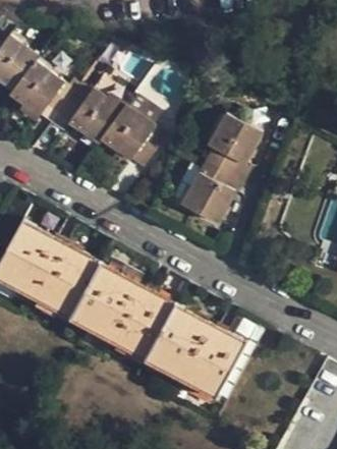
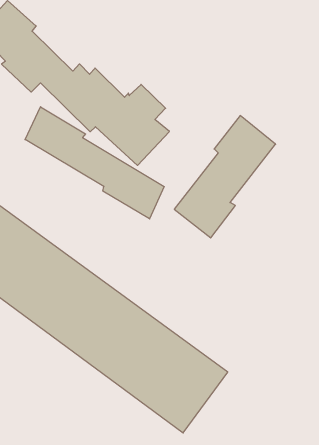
building: none -> [25,107,164,219]

